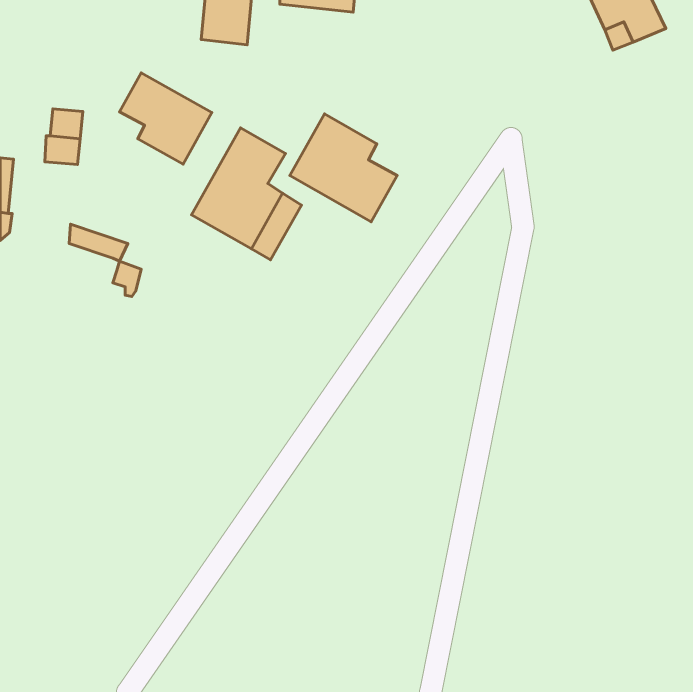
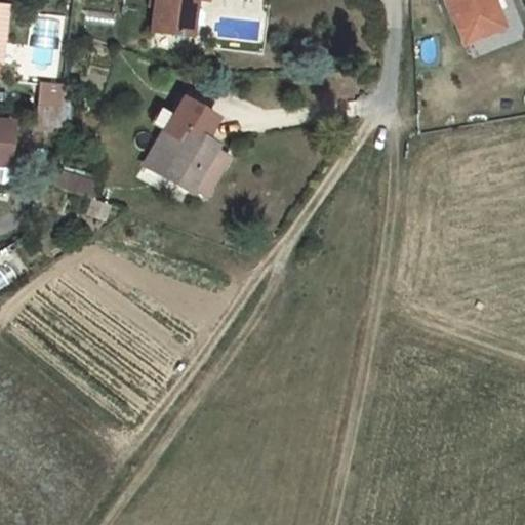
building: [120,73,212,164] -> none
building: [290,114,397,222] -> none

